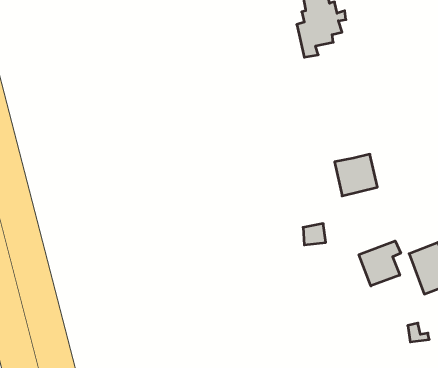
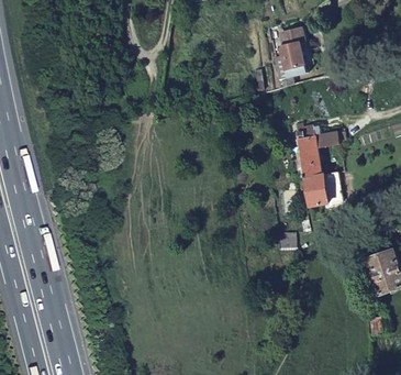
building: none -> [293,123,341,177]
building: [359,241,401,286] -> none

